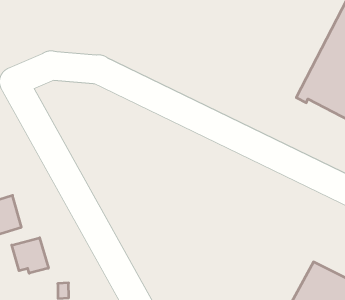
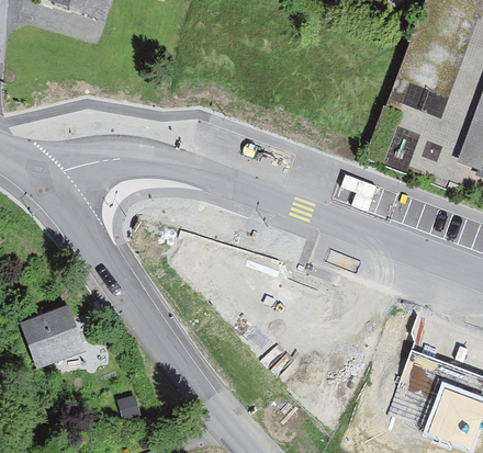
building: [12,238,48,273] -> none

